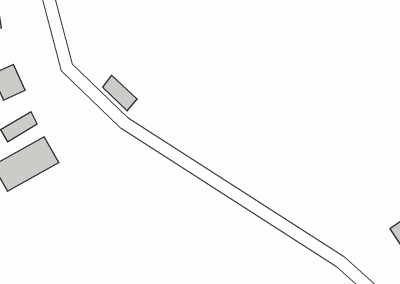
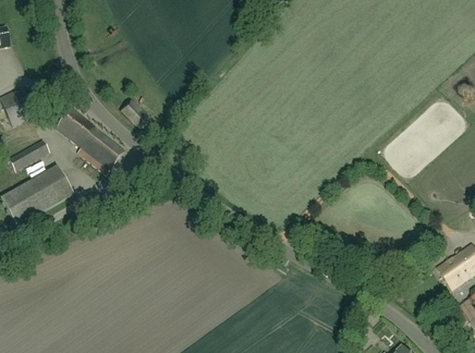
building: none -> [56,109,123,174]

